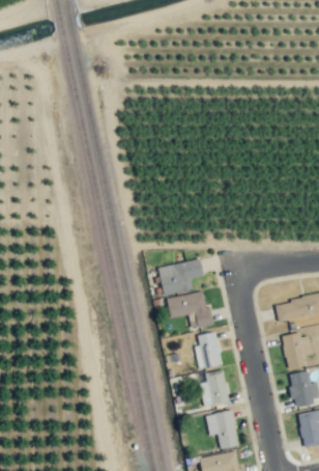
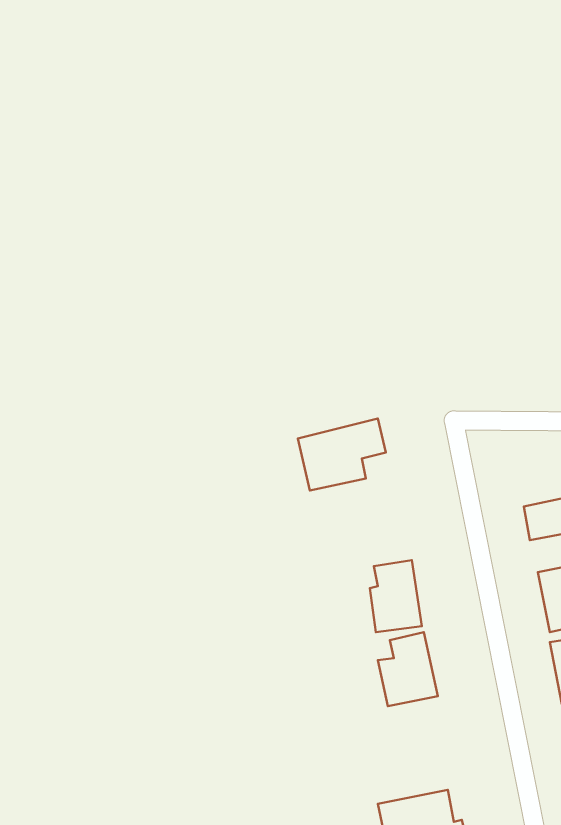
building: [167,293,214,329] -> none
building: [207,411,239,449] -> none

